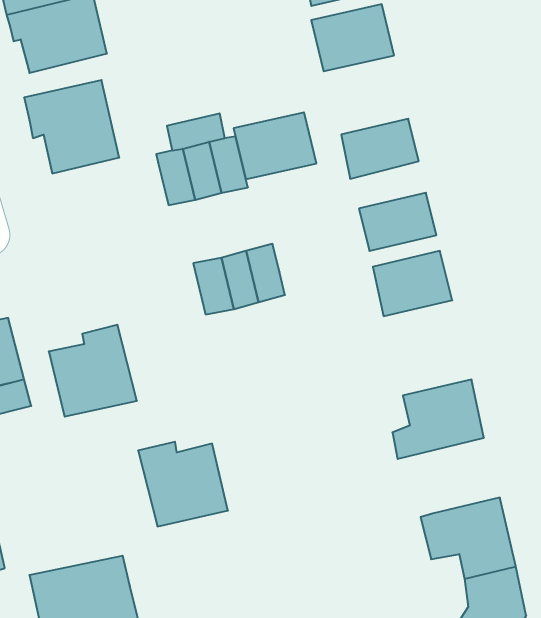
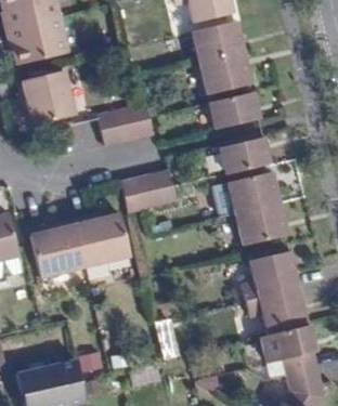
building: [234,112,316,179] -> [200,53,251,94]
building: none -> [237,204,287,245]
building: none -> [246,288,309,335]
building: [138,442,228,526] -> [74,213,129,265]

